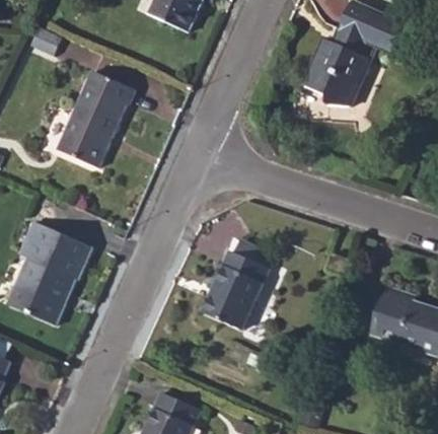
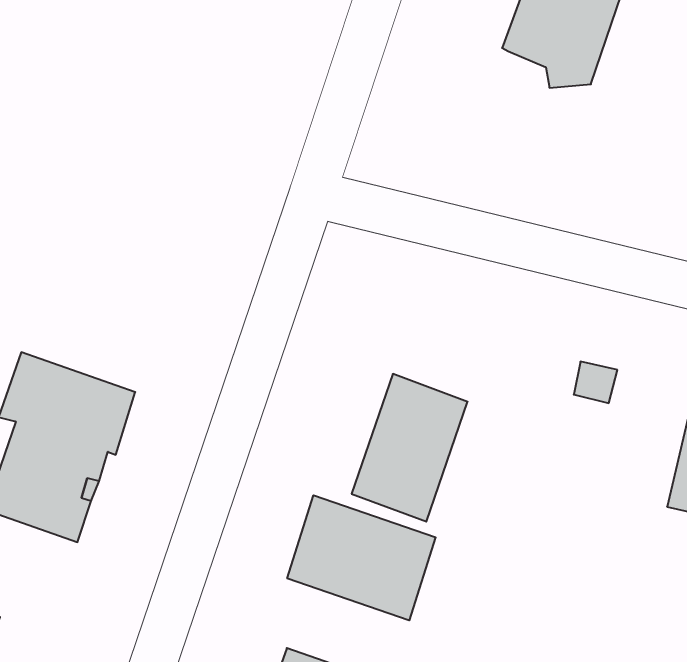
building: [58,72,134,166] -> none
building: none -> [287,495,436,620]

